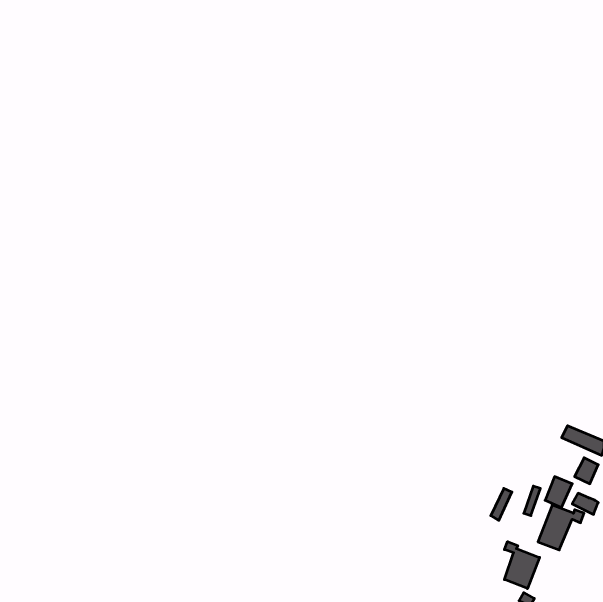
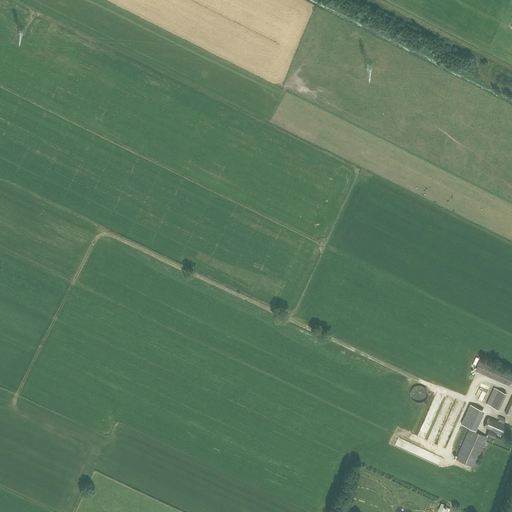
building: [504,542,540,589] -> none

